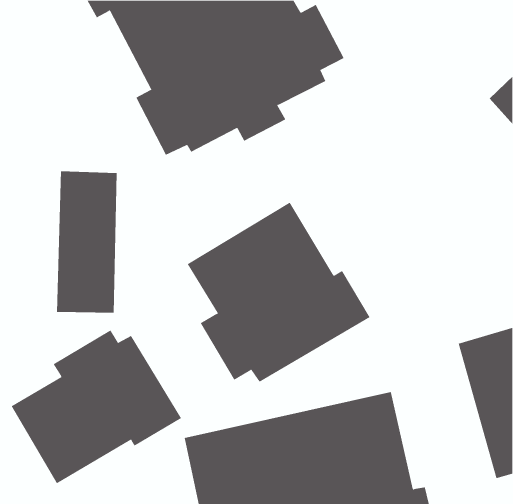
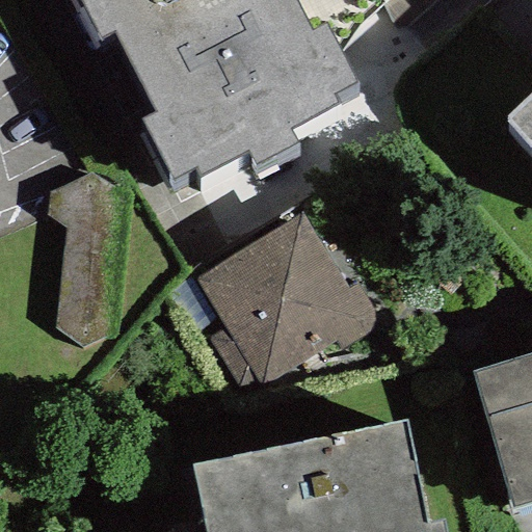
building: [11,329,182,484] -> none

